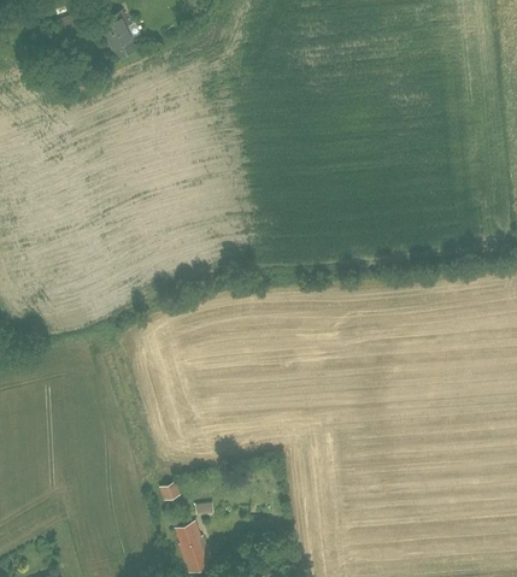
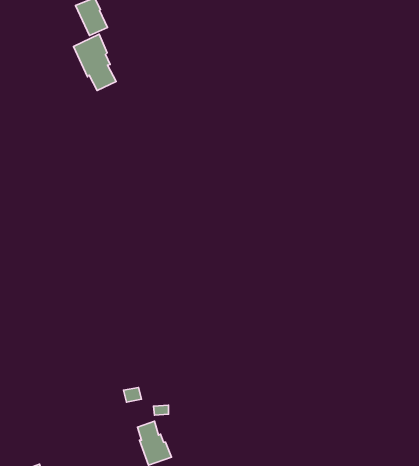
building: none -> [73,34,116,91]

